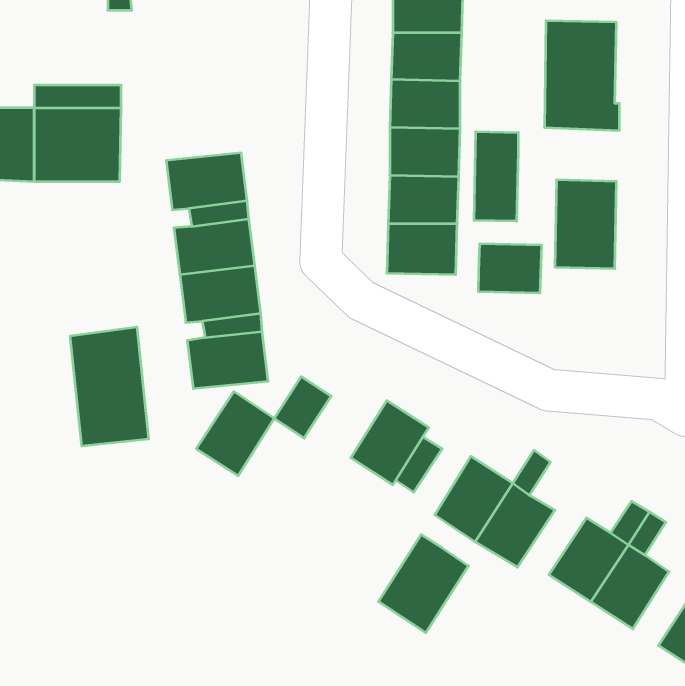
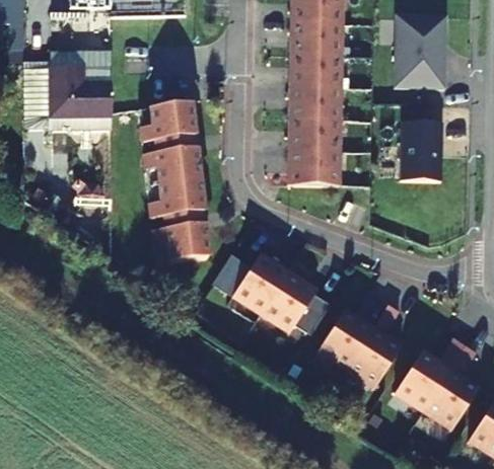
building: [474,132,518,221] -> none
building: [478,244,541,293] -> none
building: [70,327,149,446] -> none
building: [196,392,274,476] -> [235,255,288,312]
building: [378,535,469,633] -> none

